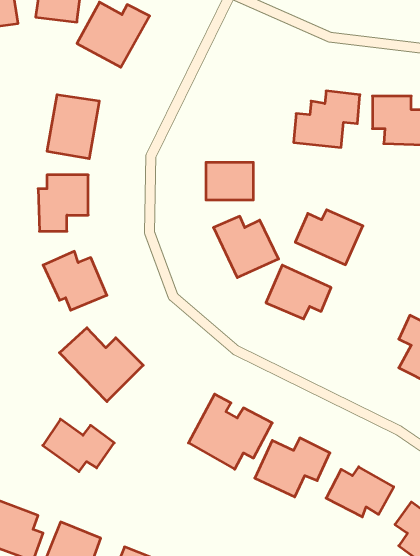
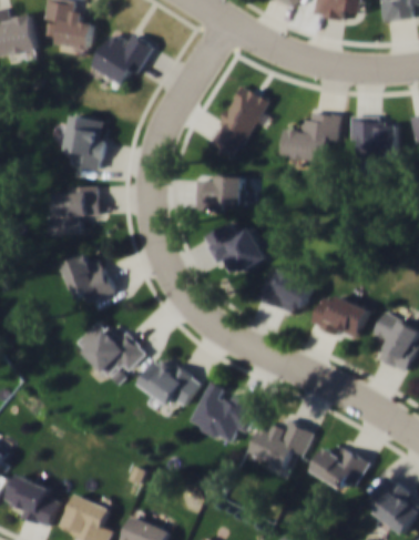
building: none -> [208,83,267,160]
building: [295,210,363,265] -> [309,294,369,343]
building: [43,419,114,472] -> [139,360,202,407]

